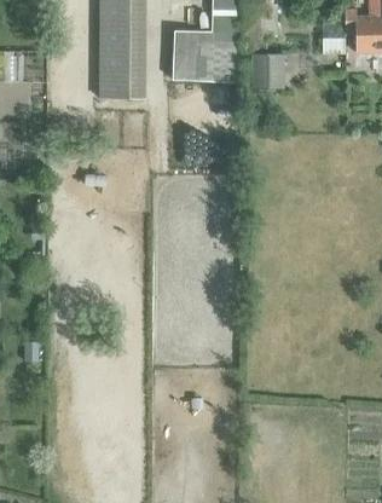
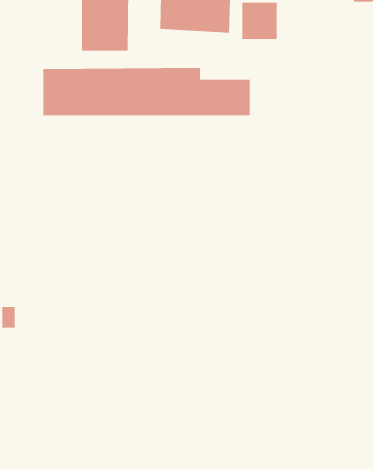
building: none -> [43,67,250,116]

